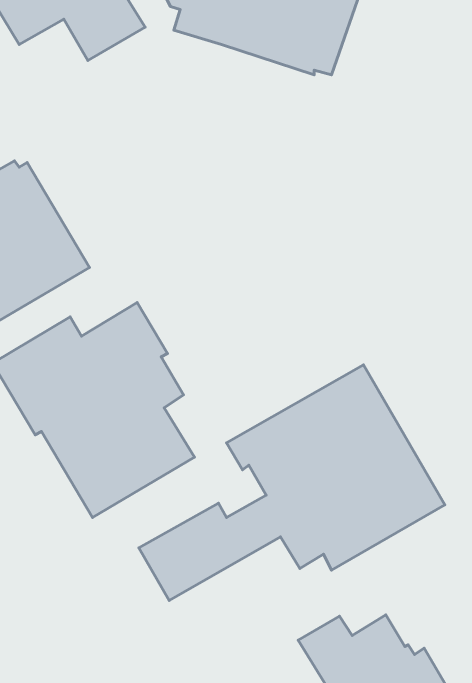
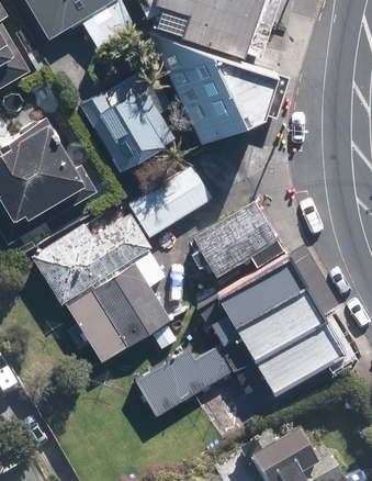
building: none -> [145,33,274,149]
building: none -> [80,82,177,171]
building: none -> [128,167,211,237]
building: none -> [189,202,277,278]

